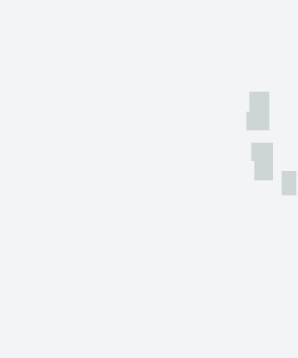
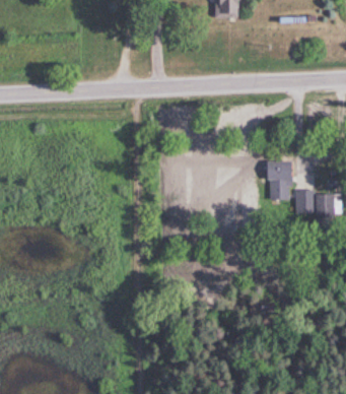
building: [246,91,270,131] -> none

